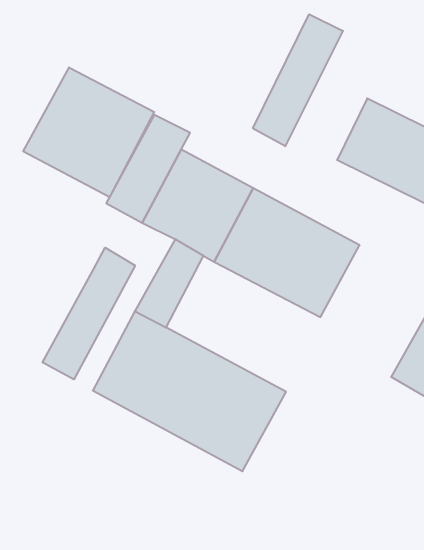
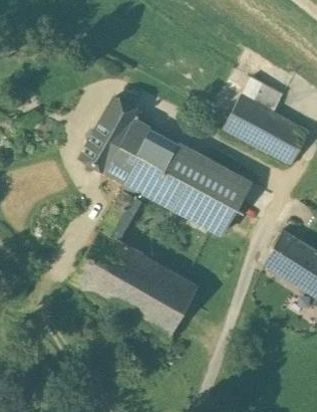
building: [253,14,343,146] -> none
building: [23,67,154,197] -> none
building: [43,248,135,379] -> none

